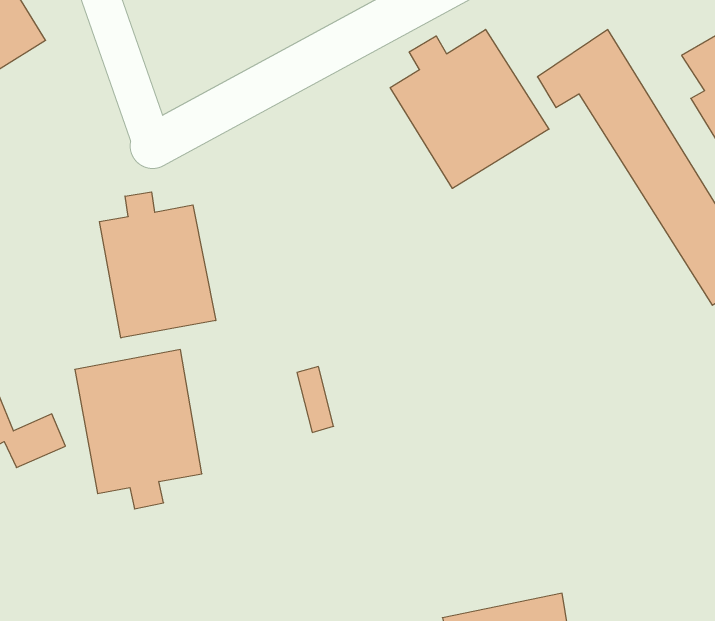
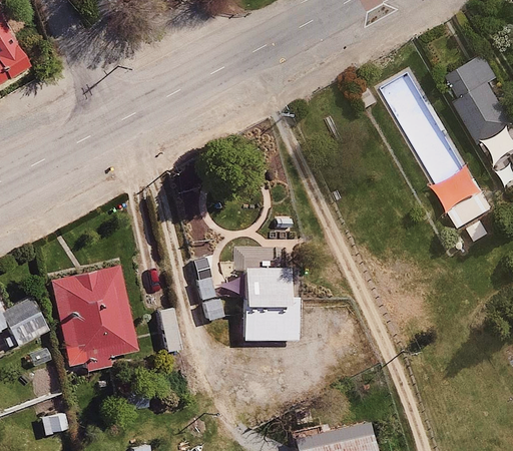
building: [390,29,549,188] -> none
building: [99,192,216,338] -> none
building: none -> [241,268,298,340]

